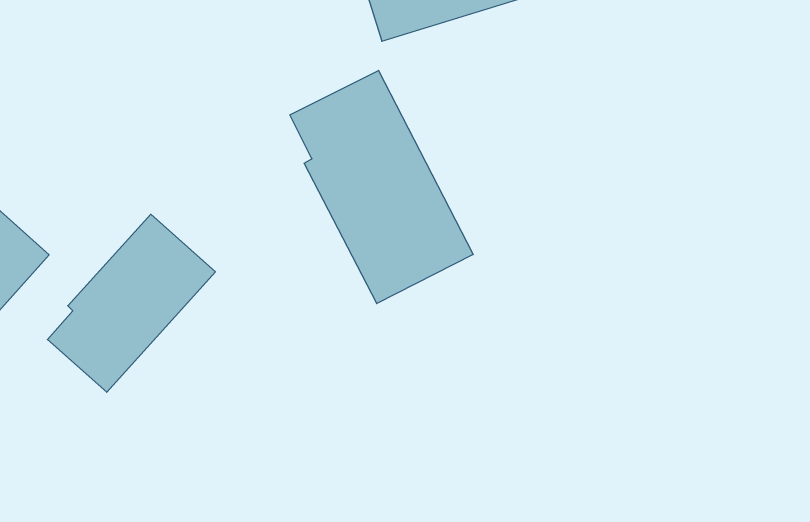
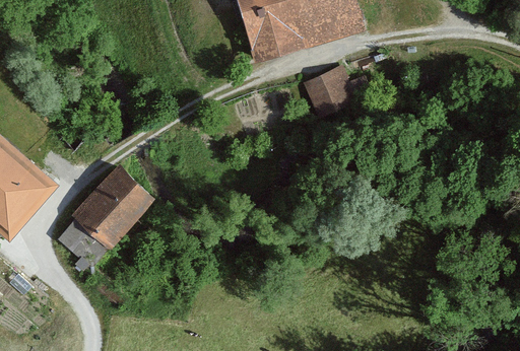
building: none -> [299,68,353,119]
building: [290,70,473,304] -> none

